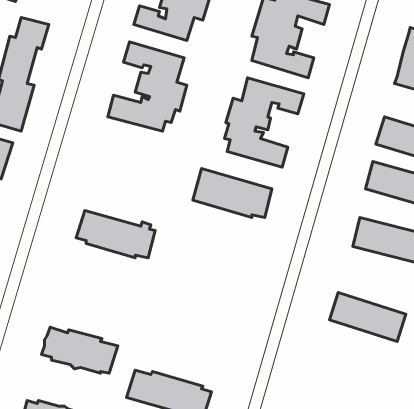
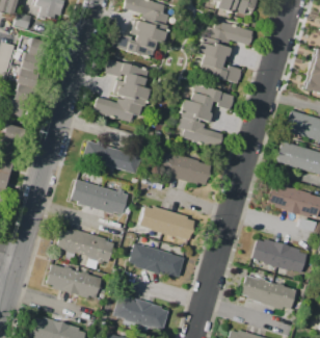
building: none -> [86,140,142,174]
building: none -> [139,205,196,240]
building: none -> [56,227,114,263]
building: none -> [129,242,187,277]
building: none -> [241,276,299,312]

